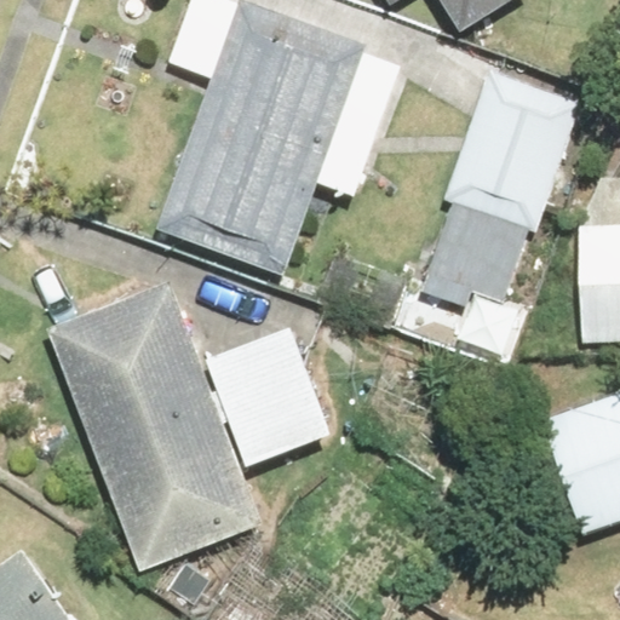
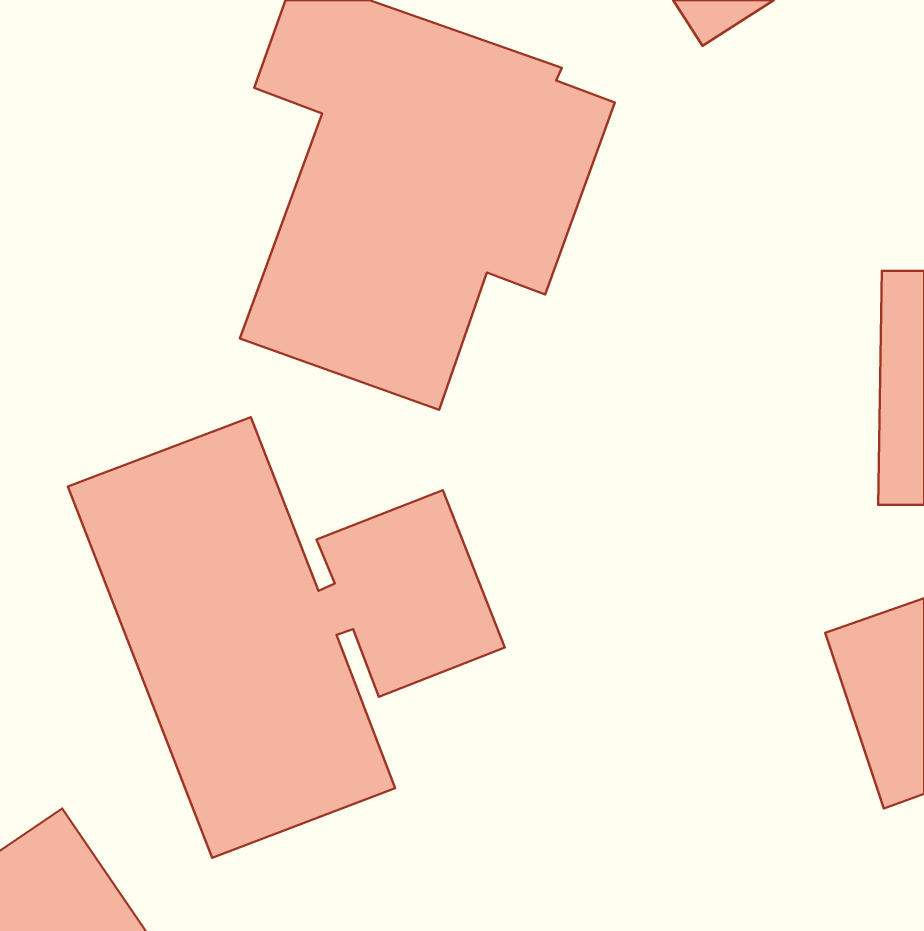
building: [414,71,575,308] -> none

